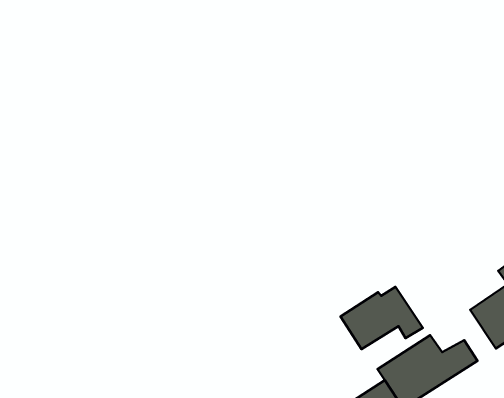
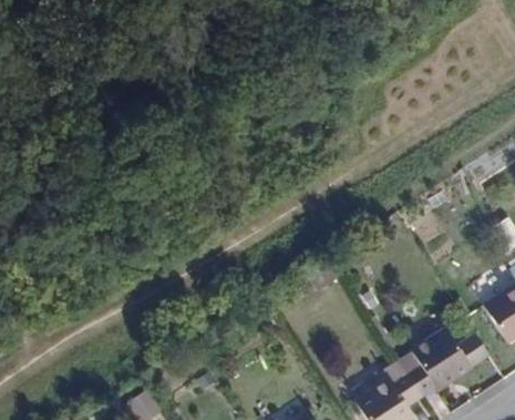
building: [341,287,423,349] -> none

